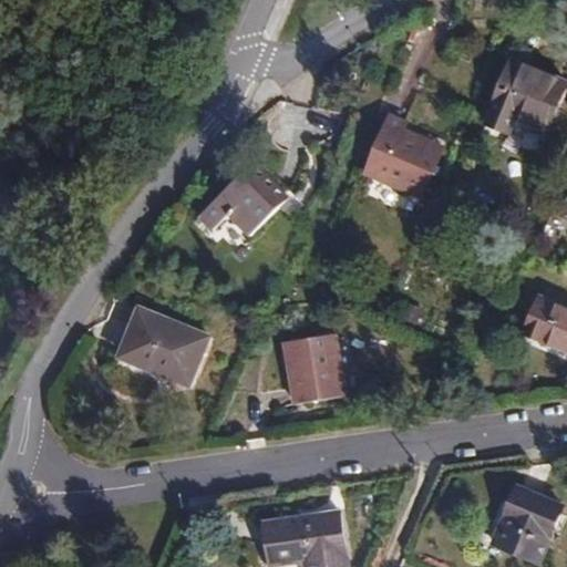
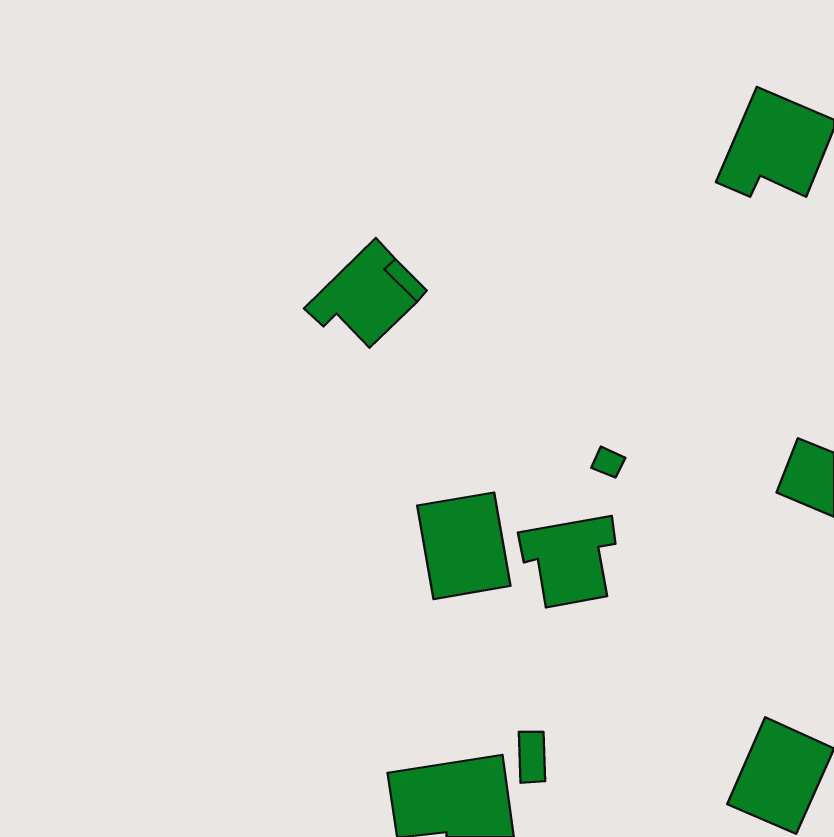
building: [364,115,441,197] -> none
building: [118,307,207,386] -> none
building: none -> [518,516,615,607]

